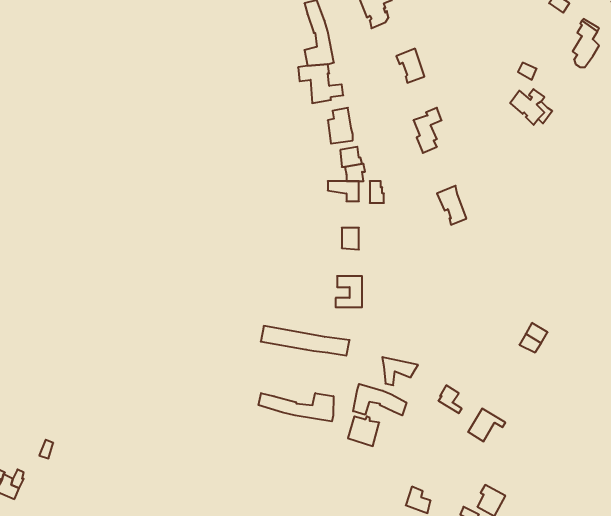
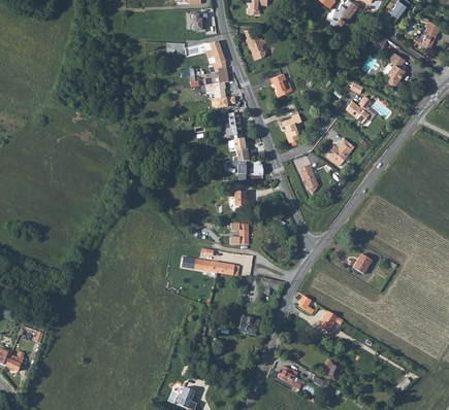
building: none -> [325,138,352,167]
building: [353,384,406,415] -> none
building: [258,393,333,421] -> none

